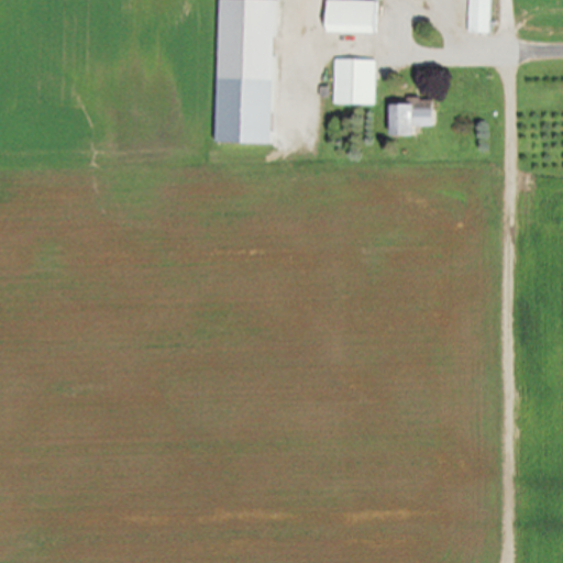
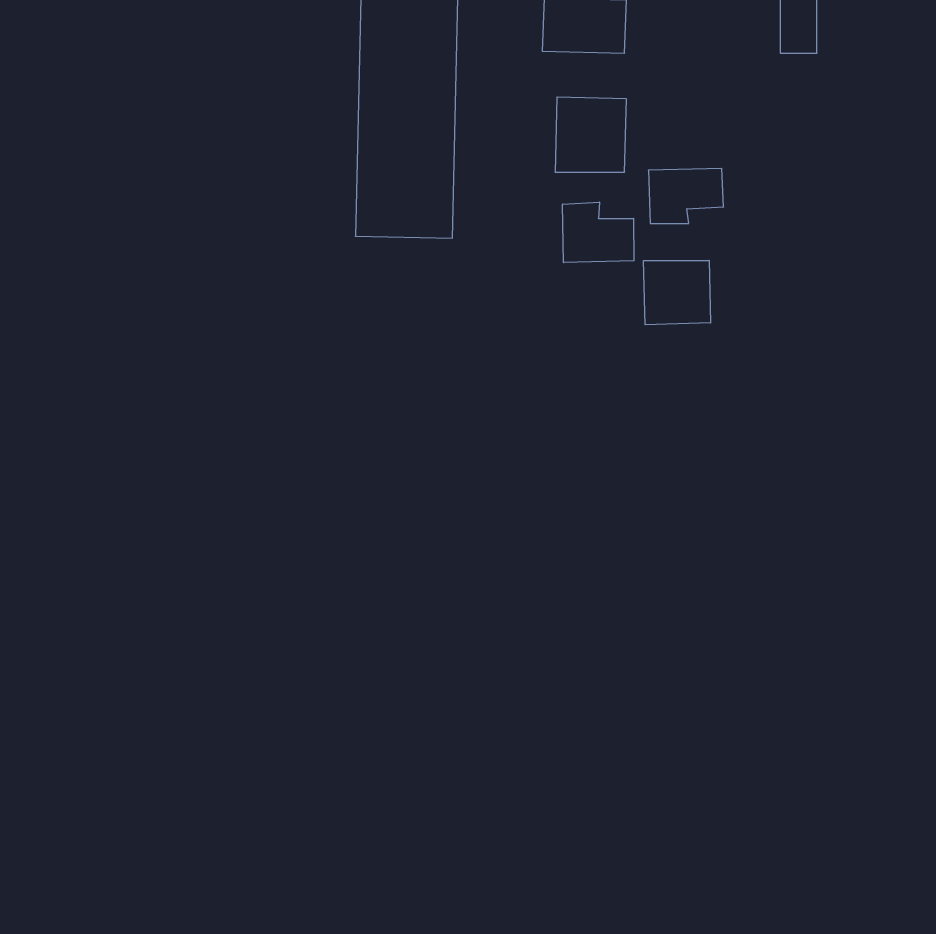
building: none -> [563,202,634,263]
building: none -> [644,260,711,325]

